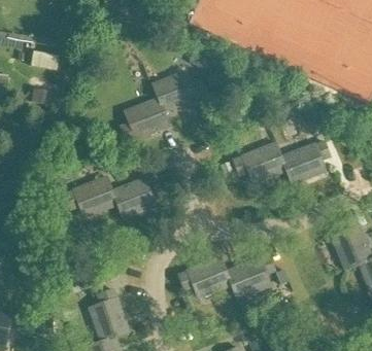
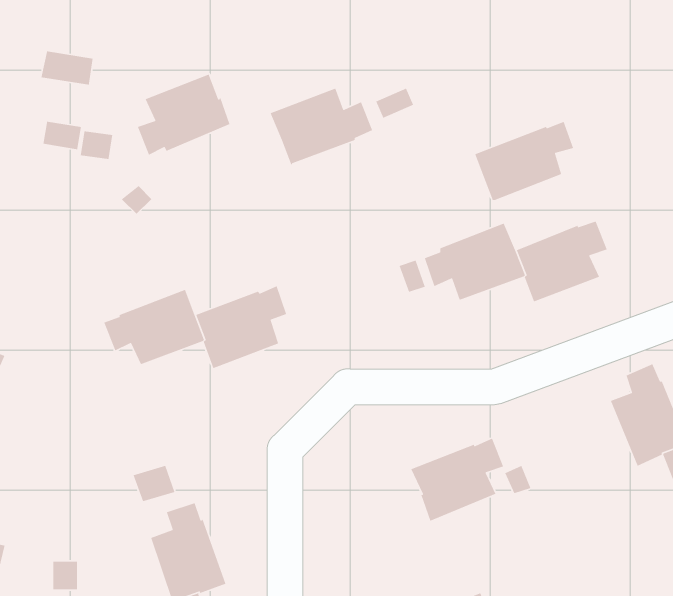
building: none -> [474,121,574,201]
building: [120,99,169,142] -> [137,74,231,156]
building: [178,257,232,299] -> none

